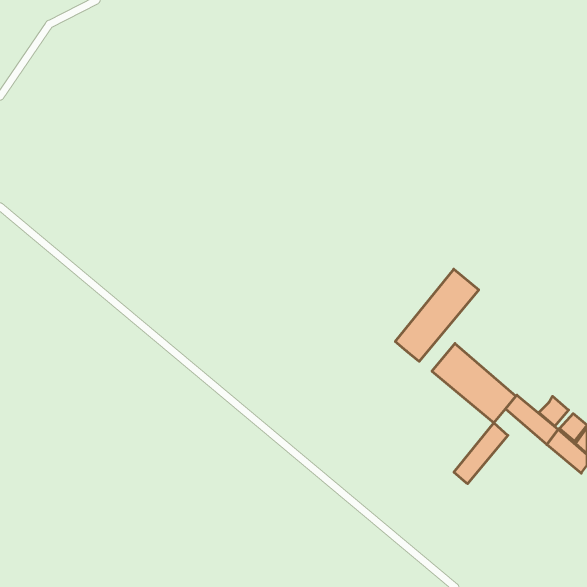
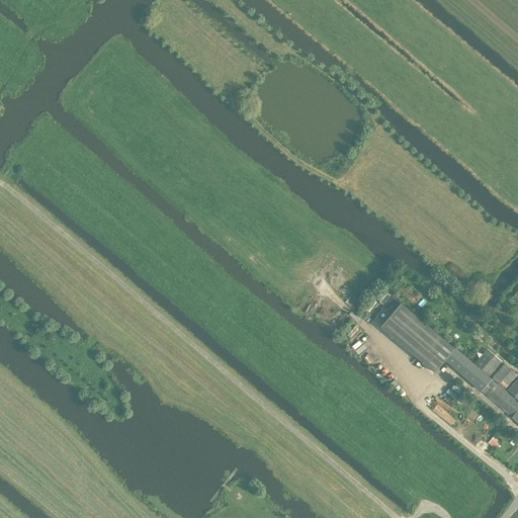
building: [395,269,479,361] -> none
building: [454,423,508,484] -> none

